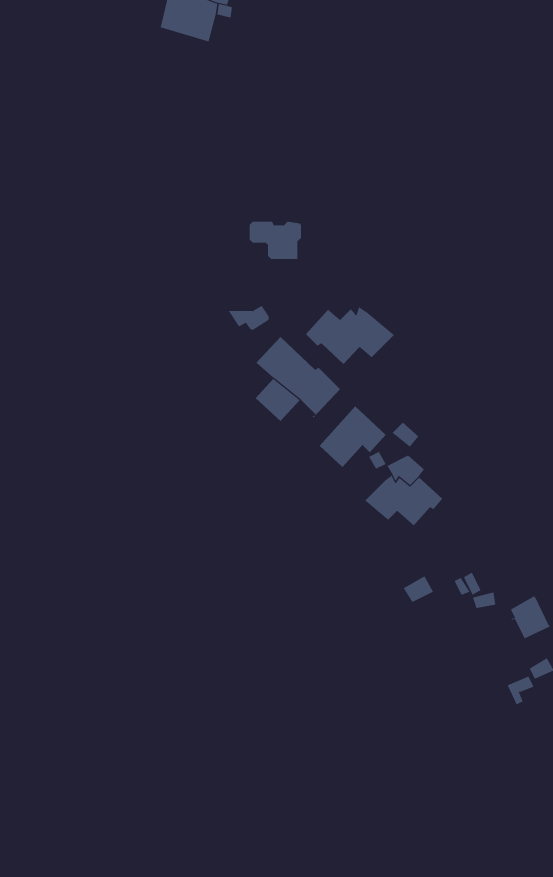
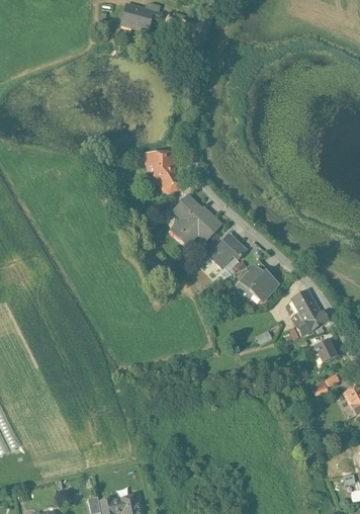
building: [249,221,302,260] -> [146,152,175,173]
building: [305,306,395,365] -> none
building: none -> [291,289,329,335]

